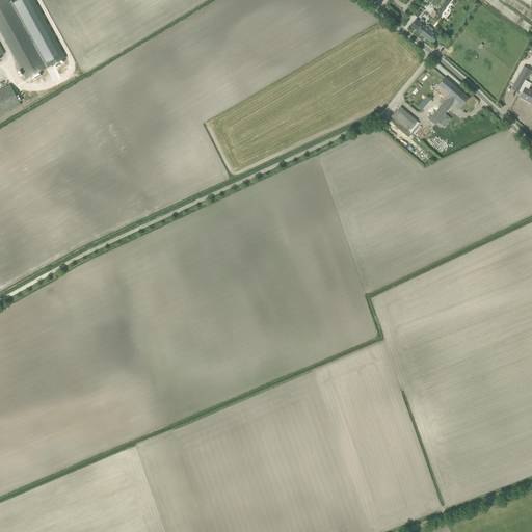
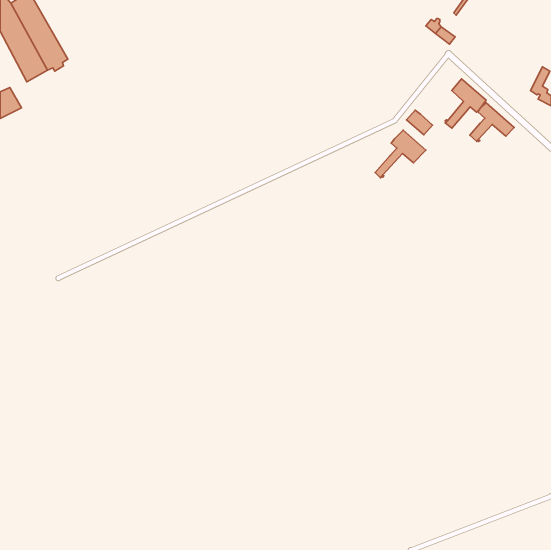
building: none -> [470,103,514,141]
building: none -> [375,130,426,178]

